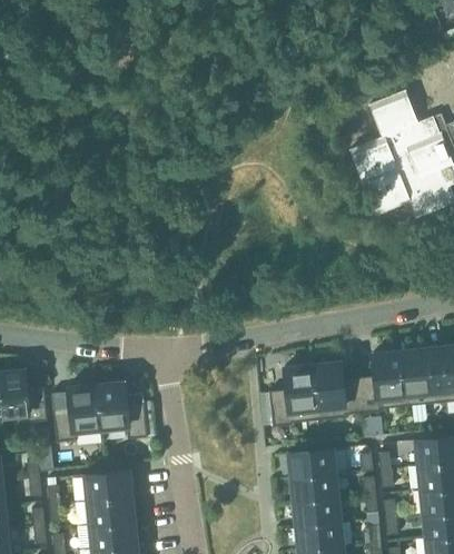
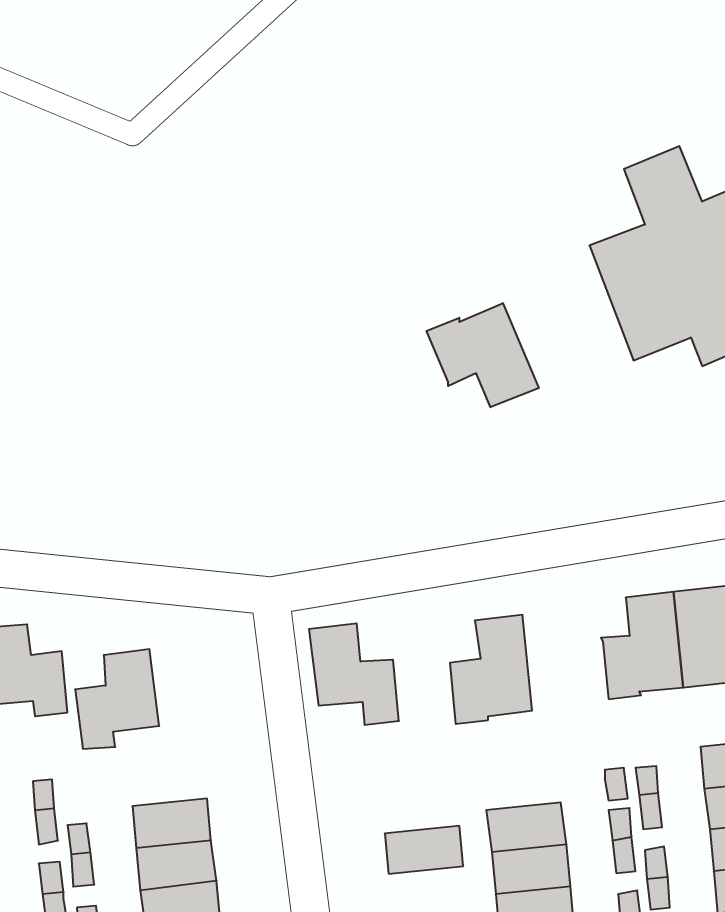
building: none -> [427,303,539,407]
building: [312,362,362,419] -> none
building: [95,380,147,439] -> [309,623,399,725]
building: [288,449,334,477] -> [385,826,463,874]

